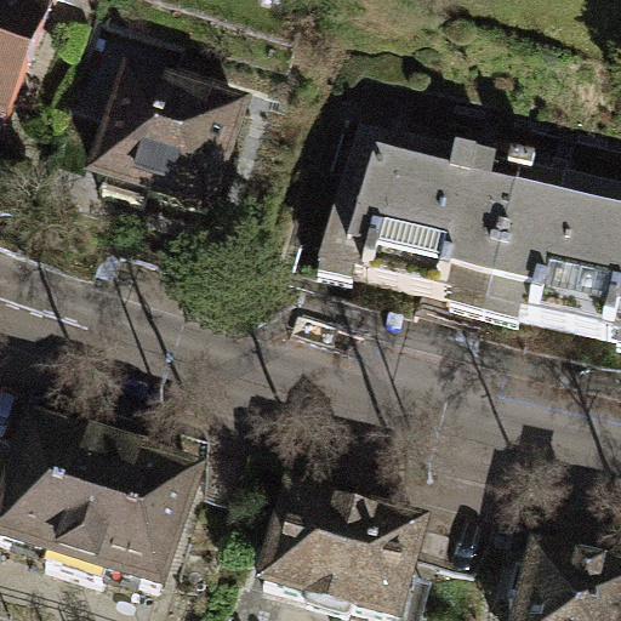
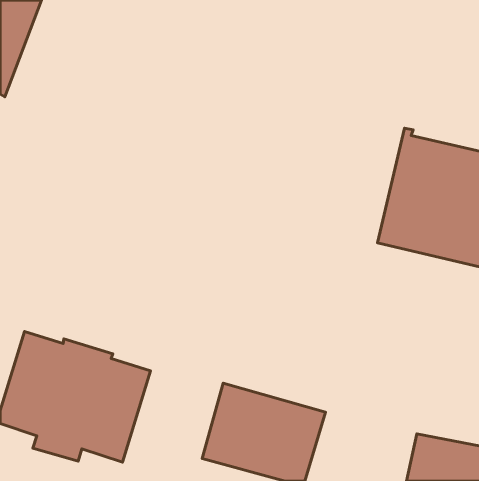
building: [96,76,238,212] -> none
building: [326,135,524,313] -> none

